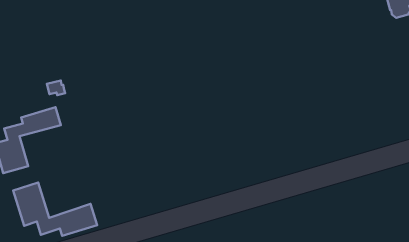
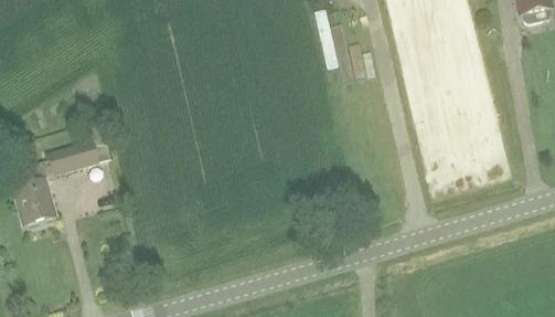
building: [13,182,97,236] -> none

